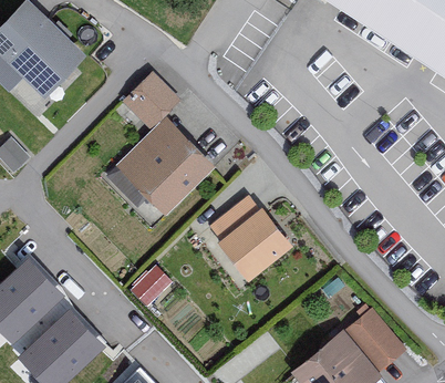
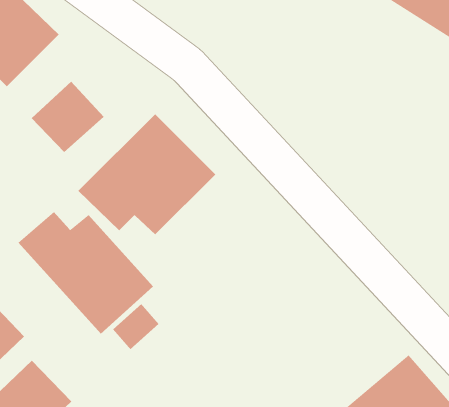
building: [123,71,182,128] -> [31,81,104,153]
building: none -> [17,211,154,334]
building: [210,195,296,276] -> none

